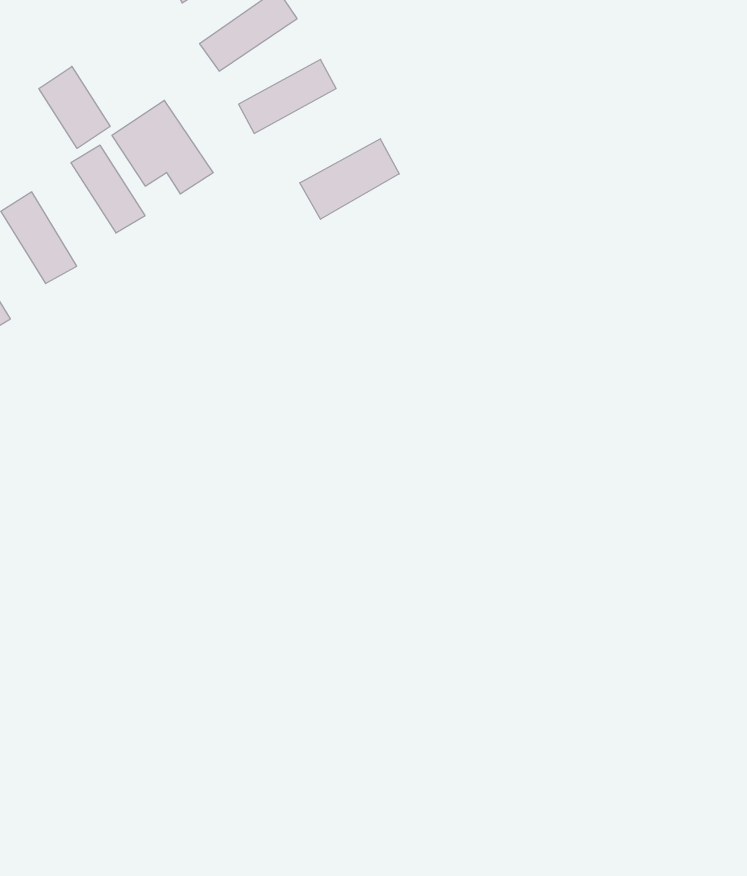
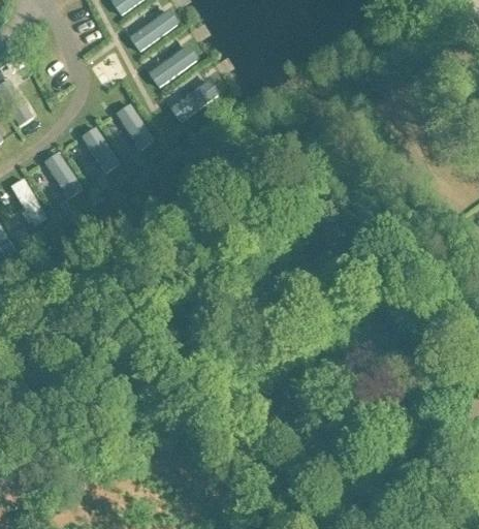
building: [39,66,110,148] -> none
building: [300,139,399,219] -> none

